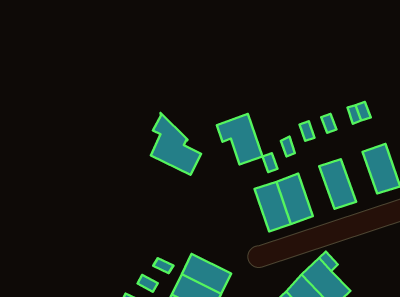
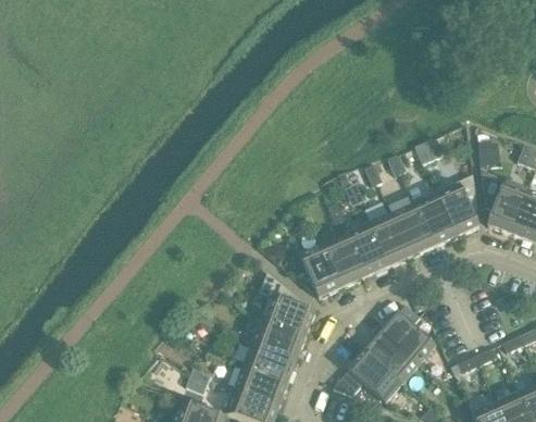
building: [151,113,201,175] -> [260,272,314,336]
building: [217,114,262,165] -> [289,243,341,298]
building: none -> [412,193,454,247]
building: none -> [367,212,410,266]

